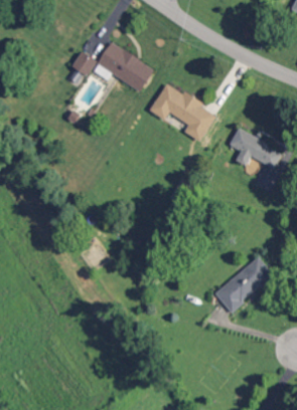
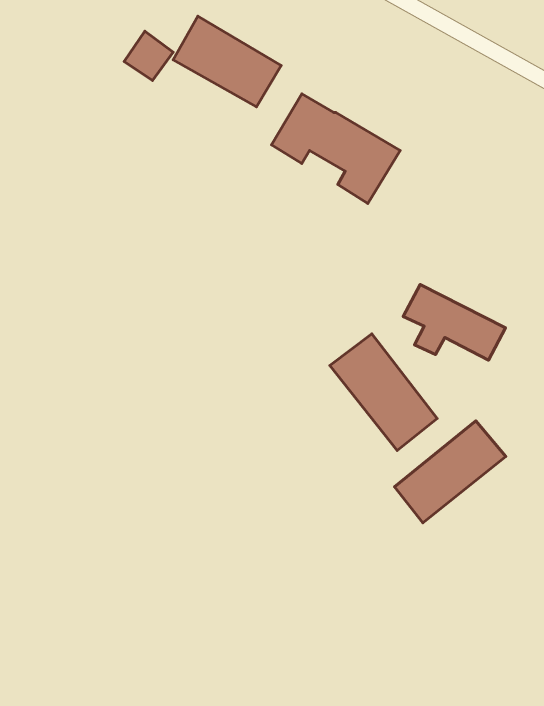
building: [229,129,283,169] -> [403,285,505,360]
building: none -> [330,334,437,450]

